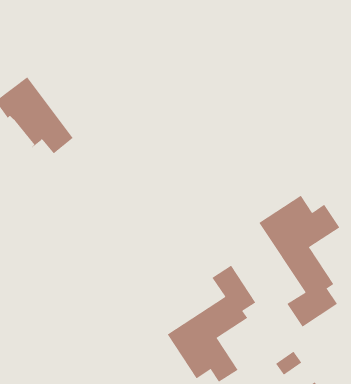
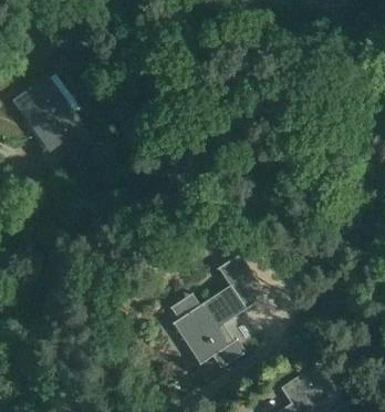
building: [259,195,340,328] -> none

